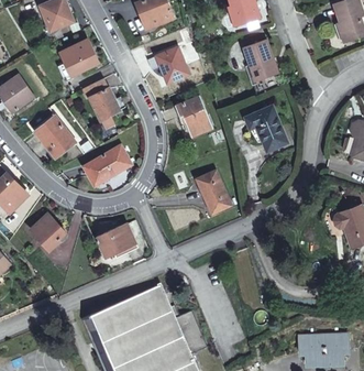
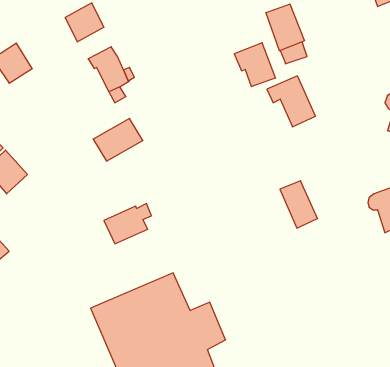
building: [157,47,187,81] -> none
building: [175,95,212,134] -> [234,43,276,87]
building: [33,116,74,157] -> none
building: [197,171,231,214] -> [280,181,318,228]
building: [31,214,65,250] -> none
building: [298,332,348,364] -> none

